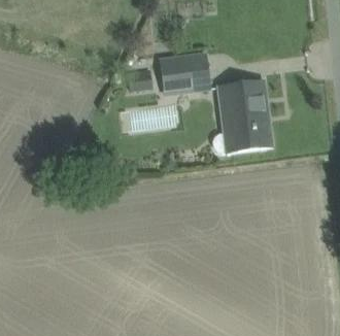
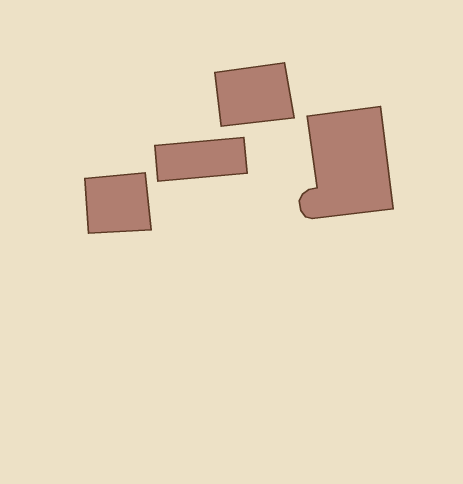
building: none -> [85,173,151,233]

